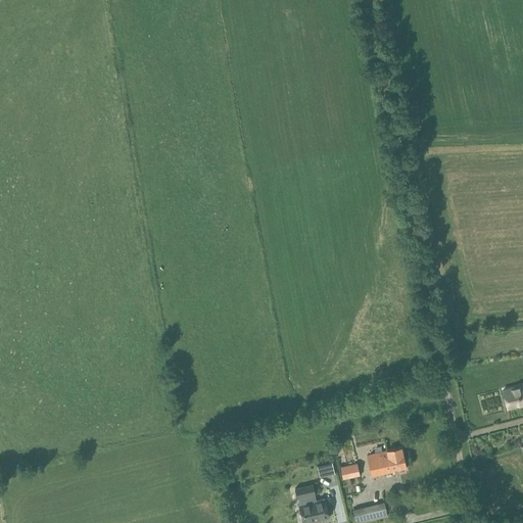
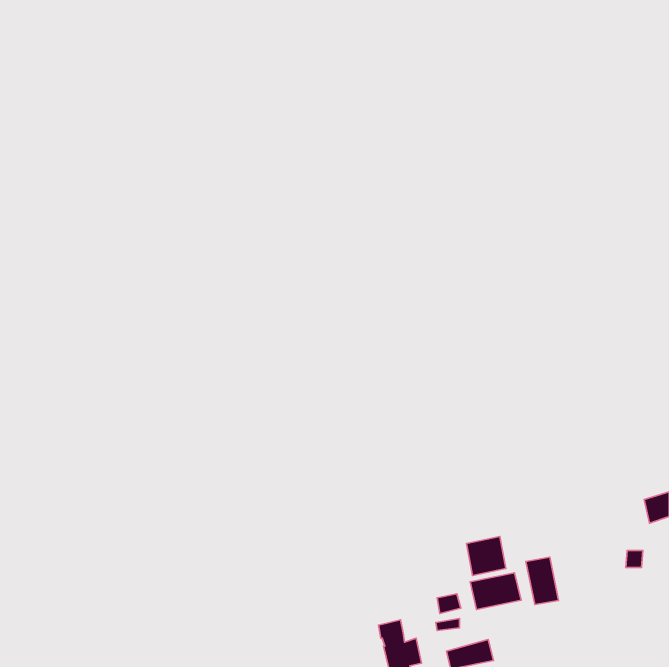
building: none -> [466,537,506,576]
building: none -> [526,557,559,605]

